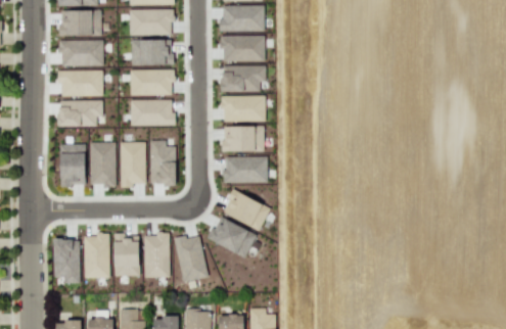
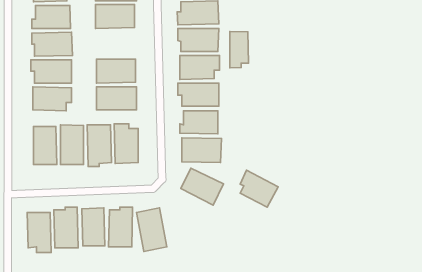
building: none -> [230,31,248,68]
building: [131,40,172,65] -> none
building: [215,217,257,257] -> [240,170,278,207]

